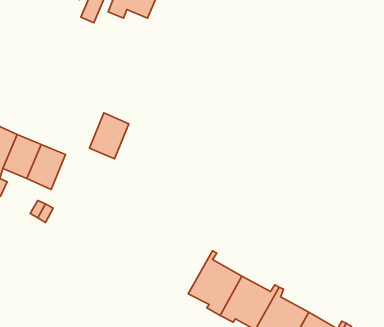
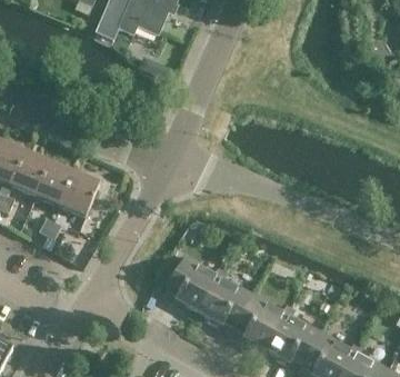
building: [89,113,129,159] -> [59,170,99,217]
building: none -> [161,255,222,311]

